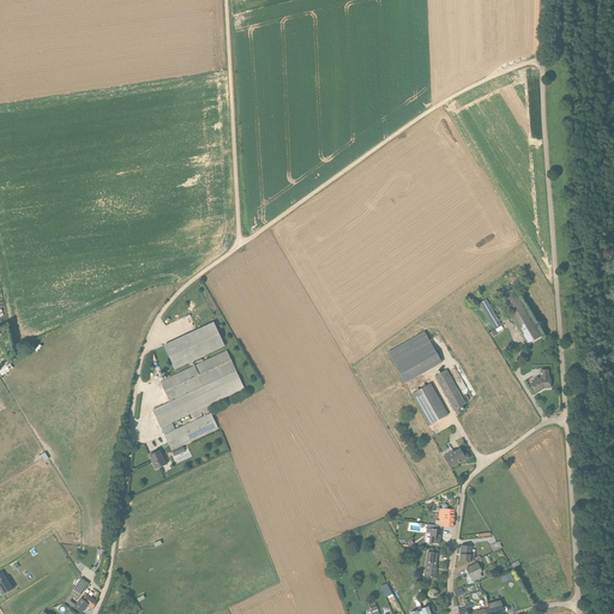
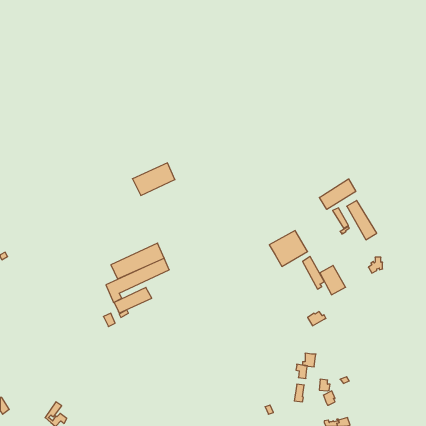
building: none -> [319,179,356,209]
building: [163,321,224,368] -> [132,163,175,195]
building: [411,383,449,425] -> [320,265,346,295]

